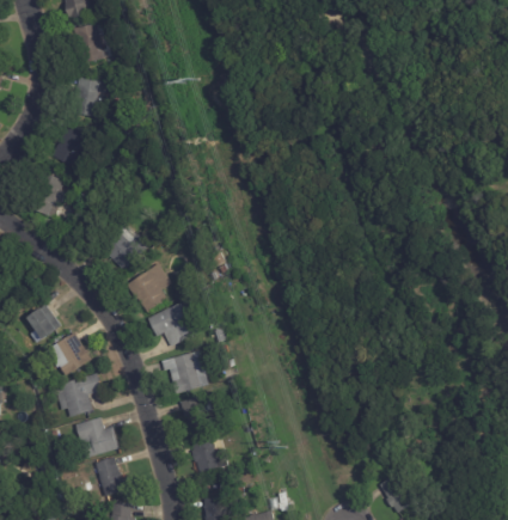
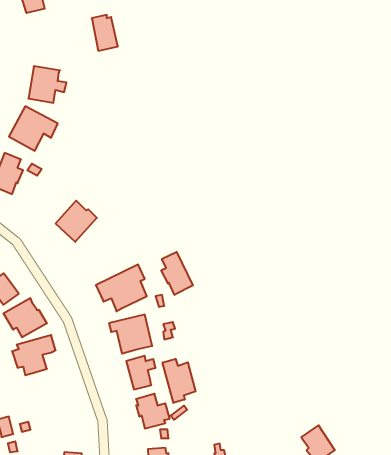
building: [80,22,109,61] -> [92,15,118,51]
building: [127,263,170,312] -> none
building: none -> [161,252,193,295]
building: none -> [163,359,196,403]
building: [74,417,118,458] -> none
building: [94,457,130,497] -> none

